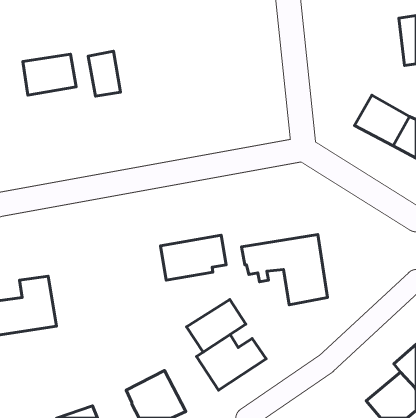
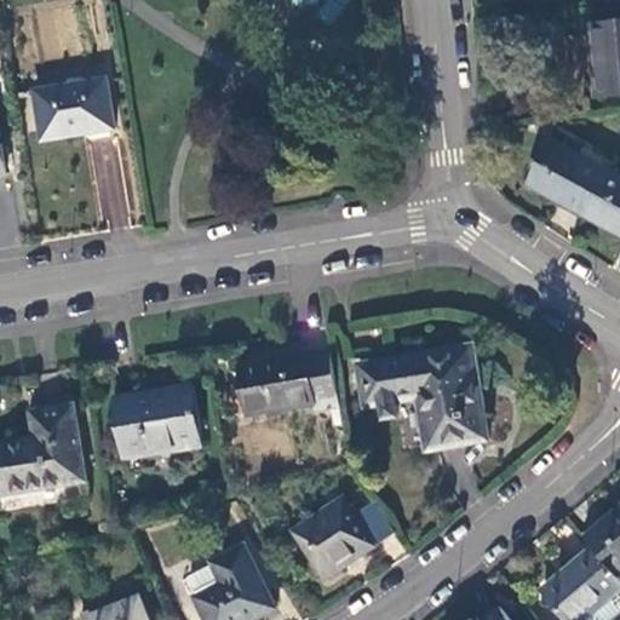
building: [88,51,121,96] -> none
building: none -> [114,388,201,454]
building: [187,299,246,352] -> none

